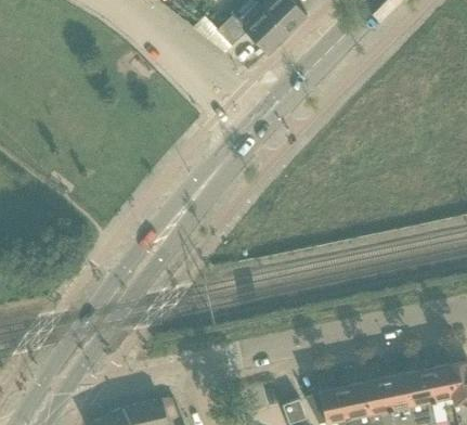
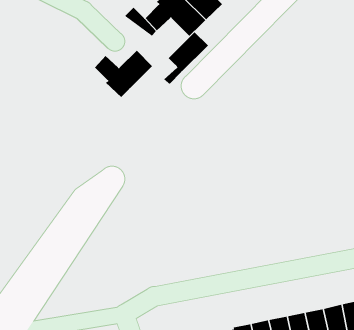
building: none -> [163,32,209,85]
building: none -> [94,50,153,98]

